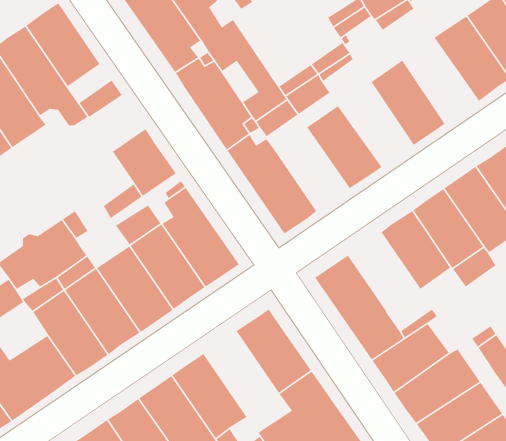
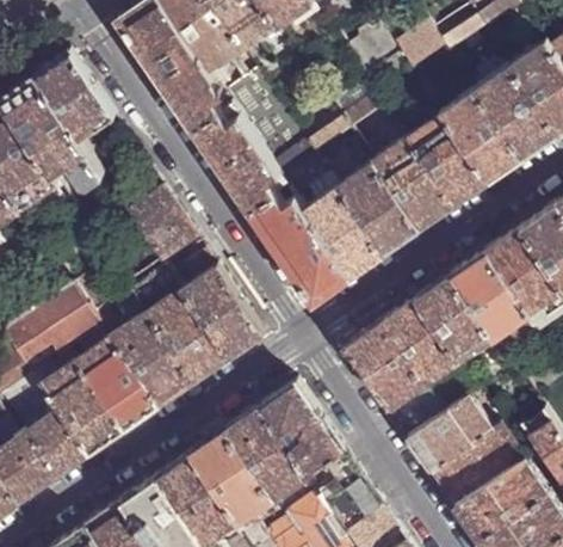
building: none -> [437,92,520,185]
building: none -> [369,140,450,232]
building: none -> [299,189,381,279]
building: none -> [379,302,457,388]
building: none -> [223,408,317,518]

